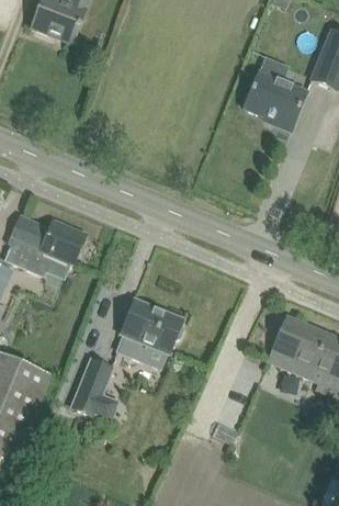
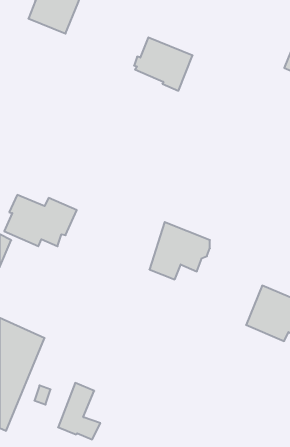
building: [242,71,306,130] -> [134,37,193,91]
building: [117,299,183,361] -> [149,222,210,279]
building: [72,358,118,419] -> [58,383,100,439]

